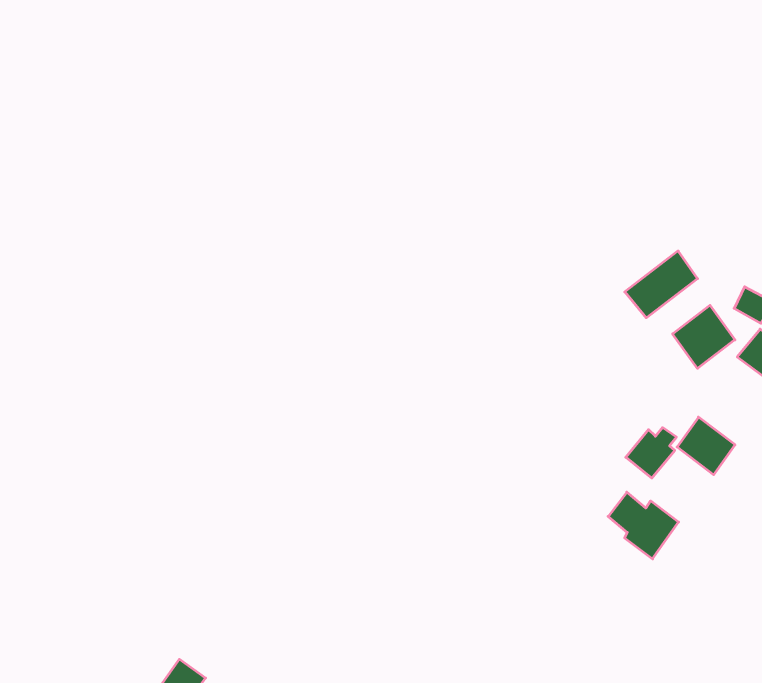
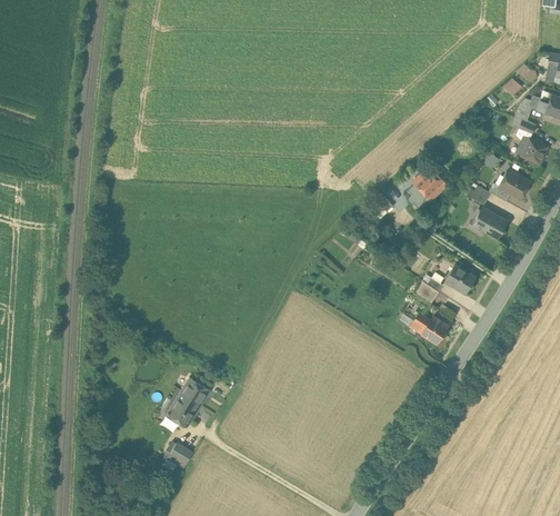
building: [673,305,735,368] -> none
building: none -> [163,378,208,428]

